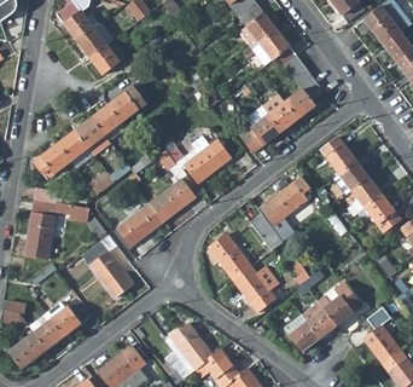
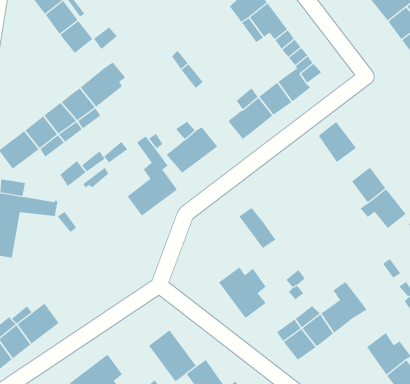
building: [332,160,368,195] -> none
building: [262,177,310,242] -> none
building: [118,203,163,246] -> none
building: [82,235,133,298] -> none
building: [208,235,251,281] -> none

